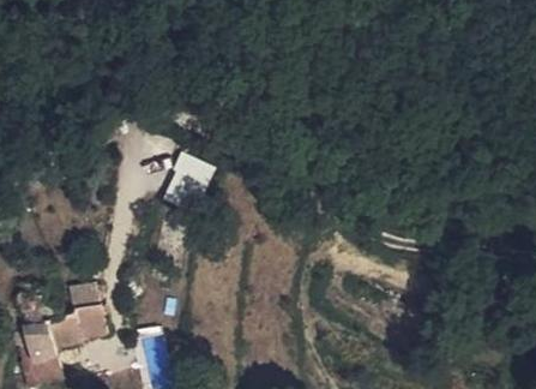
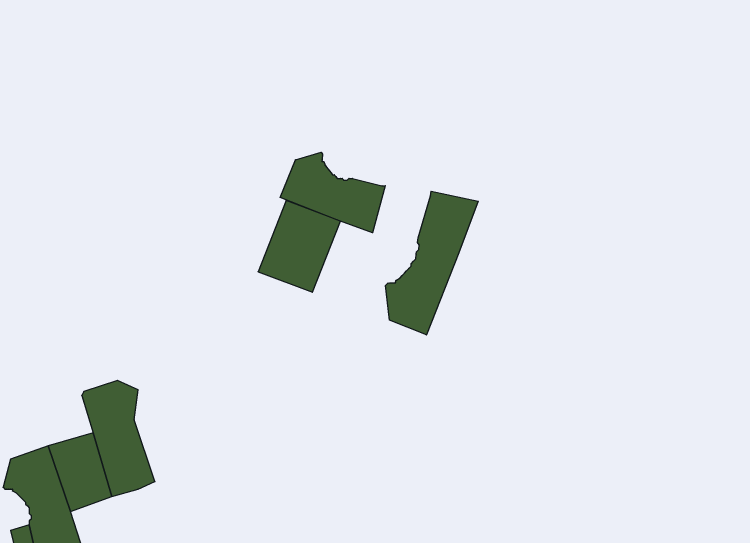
building: none -> [280,152,385,233]
building: none -> [386,191,478,335]

